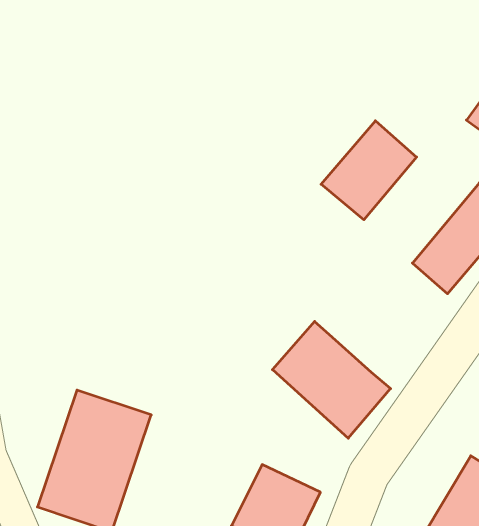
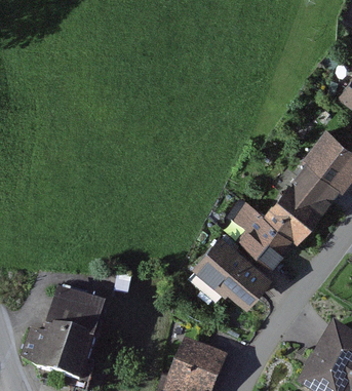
building: [321,121,417,220] -> none
building: none -> [268,192,323,246]
building: none -> [235,223,286,273]

